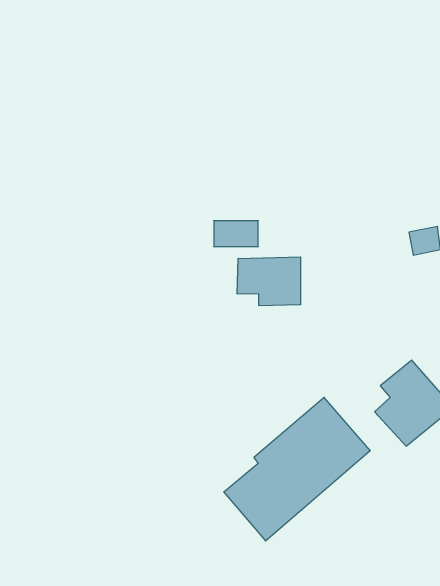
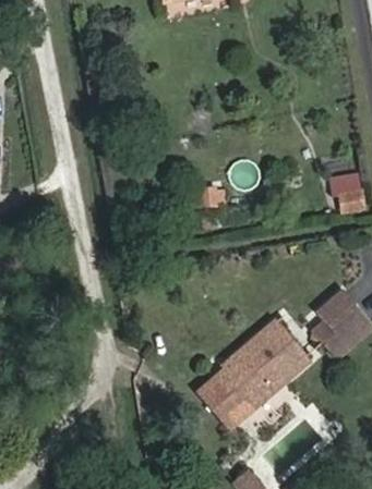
building: [237,257,300,306] -> none

